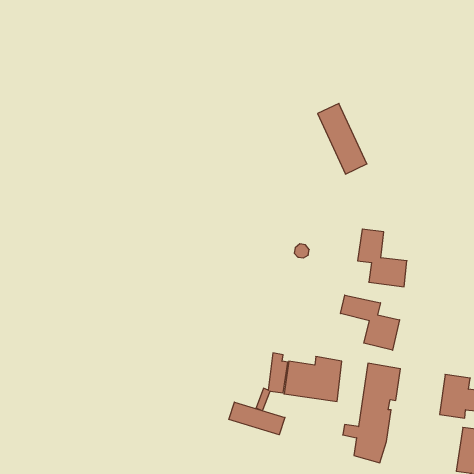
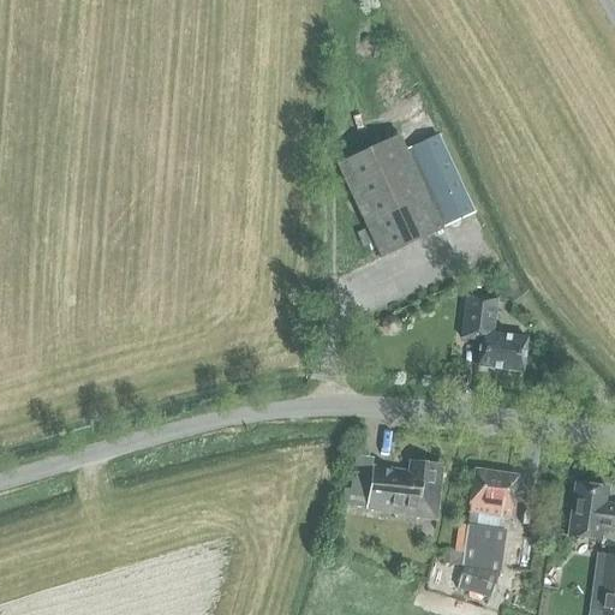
building: none -> [336,133,444,257]
building: [341,295,400,350] -> none
building: [229,402,285,435] -> none

